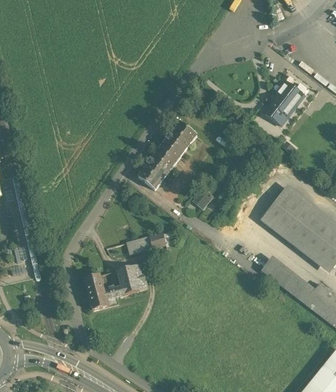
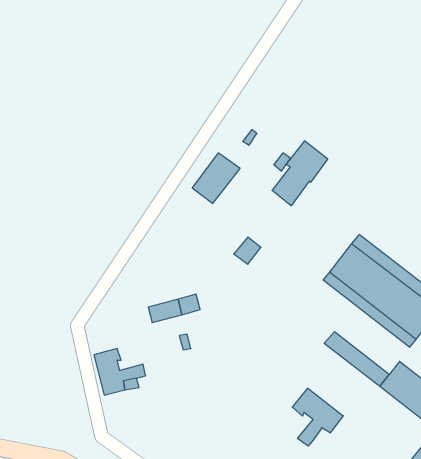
building: [264,75,307,125] -> [272,141,328,206]
building: [137,148,175,188] -> none
building: [116,262,146,293] -> none
building: none -> [292,388,343,446]

